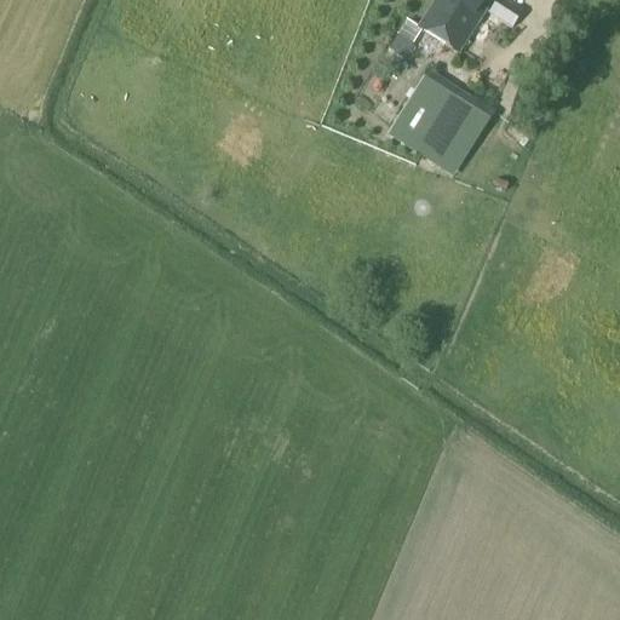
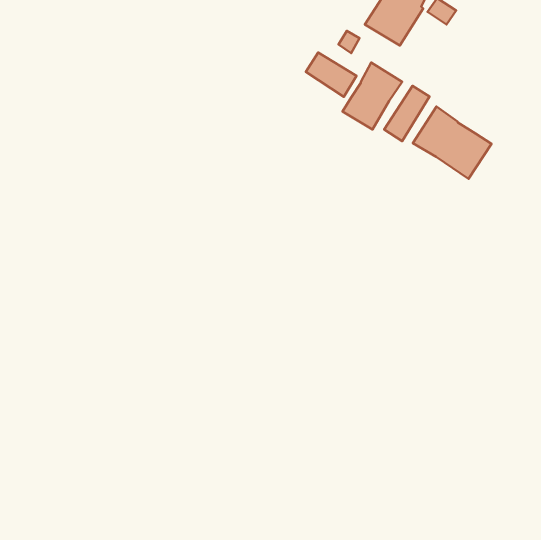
building: none -> [306,53,357,97]
building: none -> [413,106,491,179]

